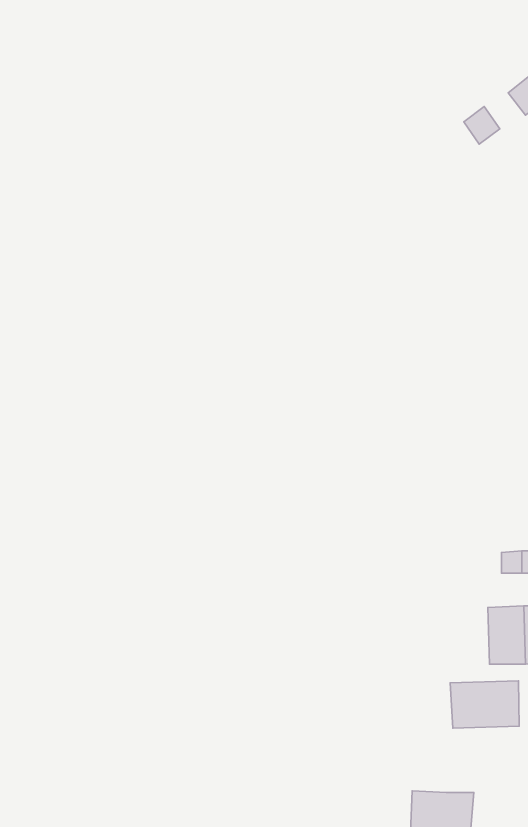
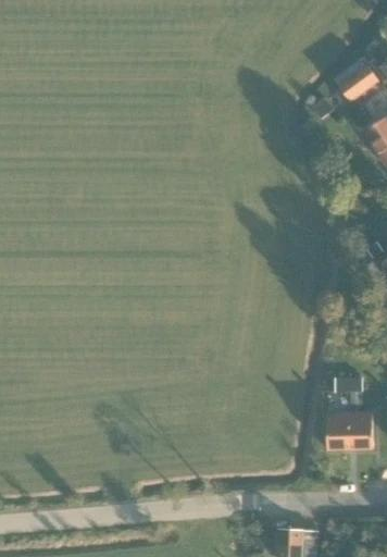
building: [450,681,519,728] -> none

